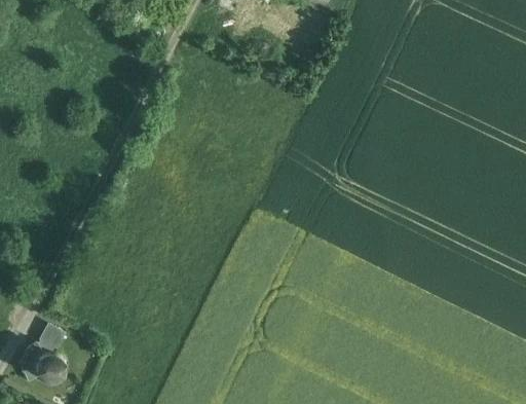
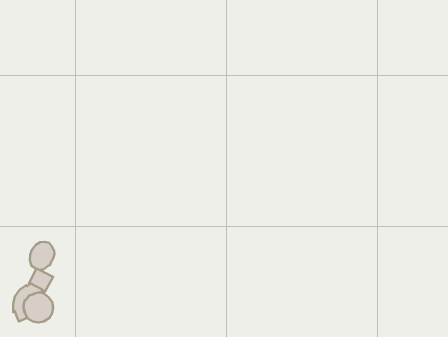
building: none -> [30,242,54,270]

